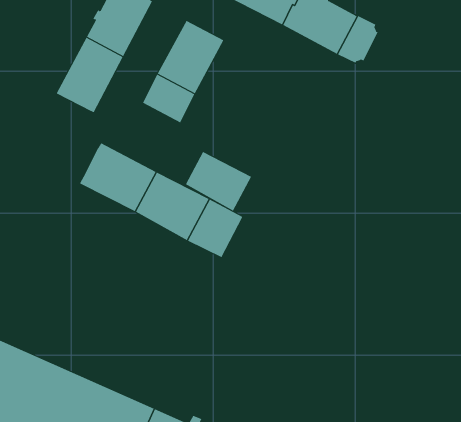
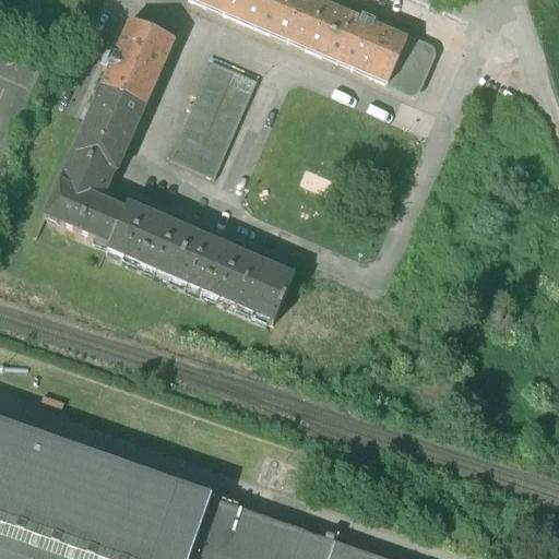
building: none -> [45,147,124,240]
building: [185,151,252,211] -> none

